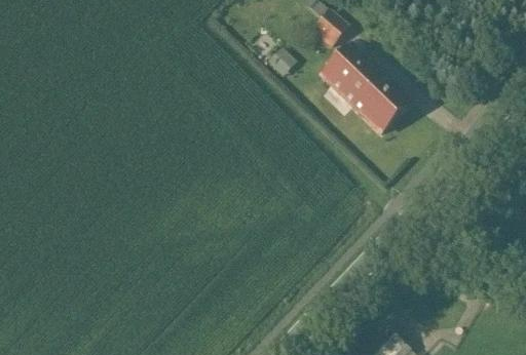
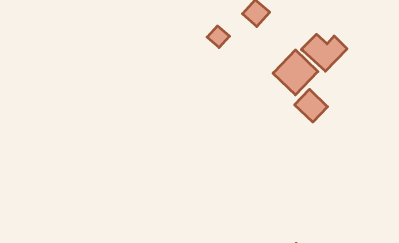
building: [326,61,384,108] -> [301,34,347,71]
building: none -> [295,89,328,122]

